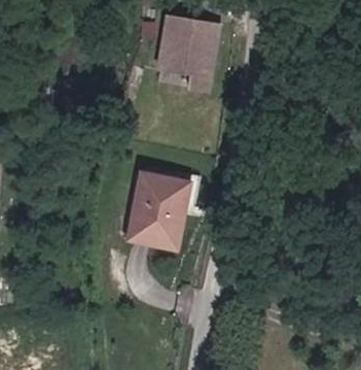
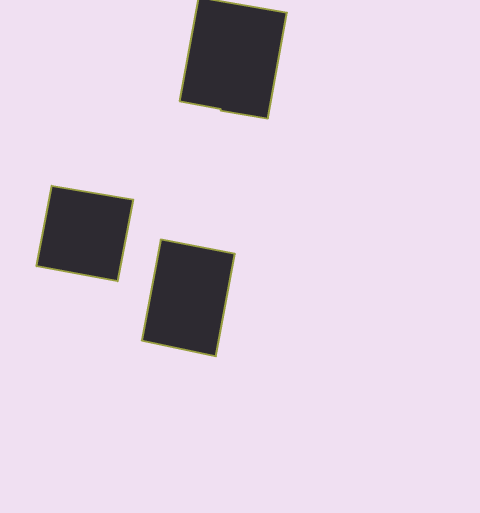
building: none -> [37,186,133,281]

